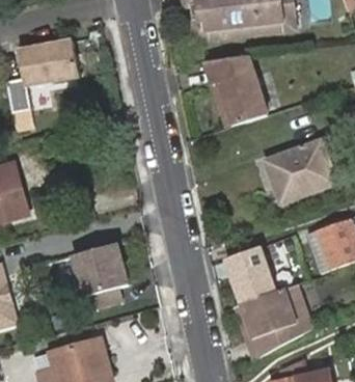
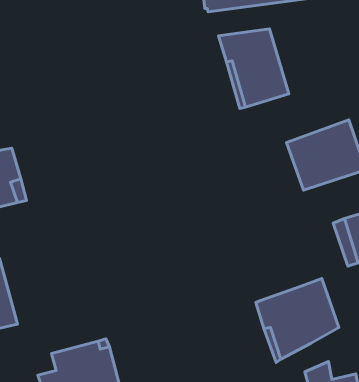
building: [10,38,81,107] -> none
building: [74,242,130,295] -> none
building: [225,246,276,303] -> none

